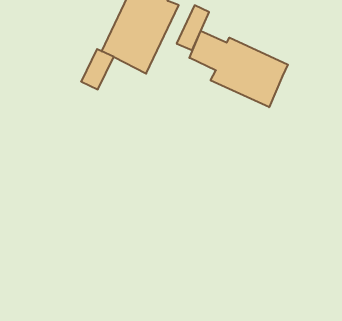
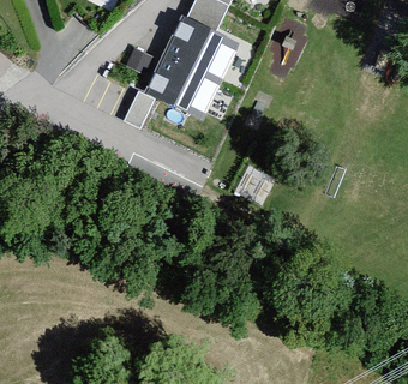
building: [189,31,288,107] -> none

